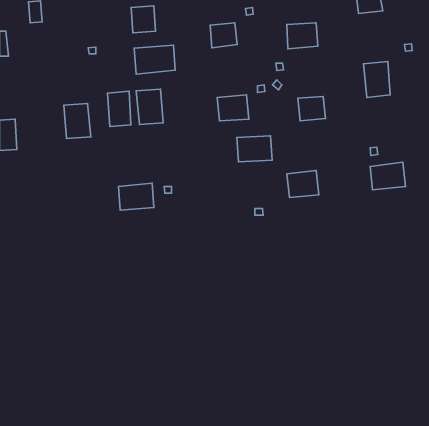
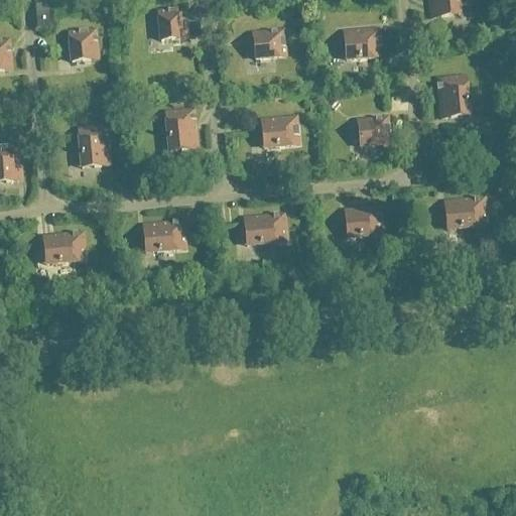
building: none -> [69,27,98,60]
building: [134,45,175,74] -> none
building: [107,91,131,126] -> none
building: [237,136,272,162] -> [244,214,286,245]
building: none -> [43,231,86,263]

